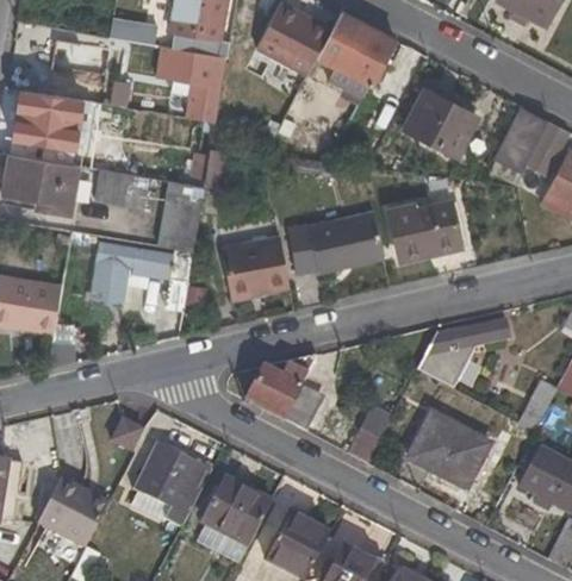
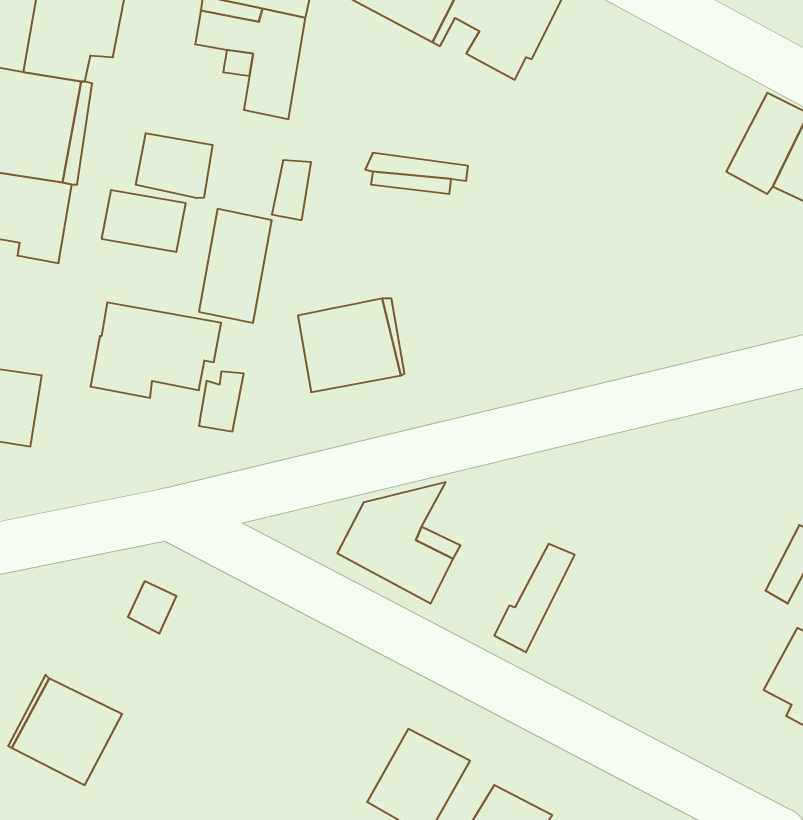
building: [405,89,475,154] -> none
building: none -> [136,133,213,198]
building: [387,198,462,258] -> none
building: [285,210,384,271] -> none
building: [415,316,509,388] -> none
building: [408,412,490,488] -> none
building: [135,442,211,526] -> none
building: [198,476,274,563] -> none

